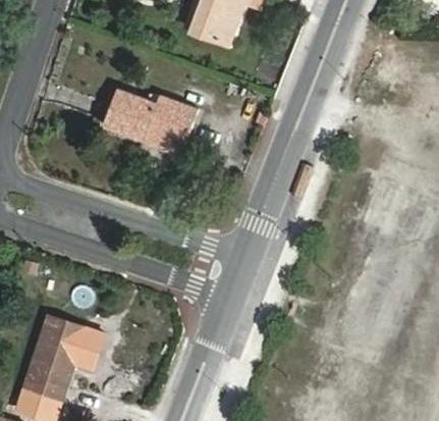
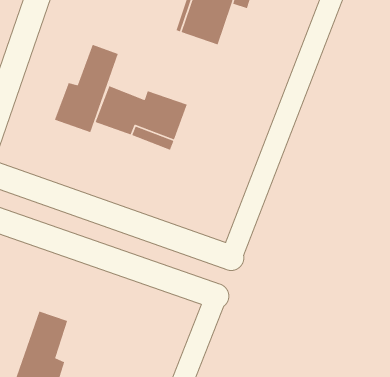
building: none -> [54,44,119,133]
building: [65,324,102,370] -> none

